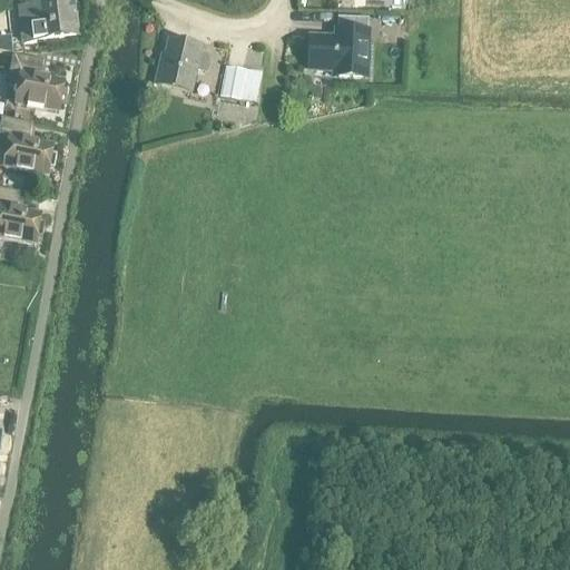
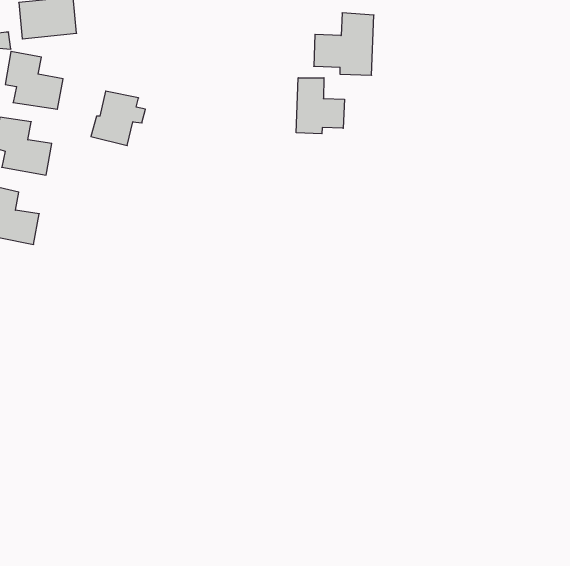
building: [155,36,208,89] -> [91,91,145,146]
building: [220,65,259,98] -> none
building: none -> [296,78,344,134]

